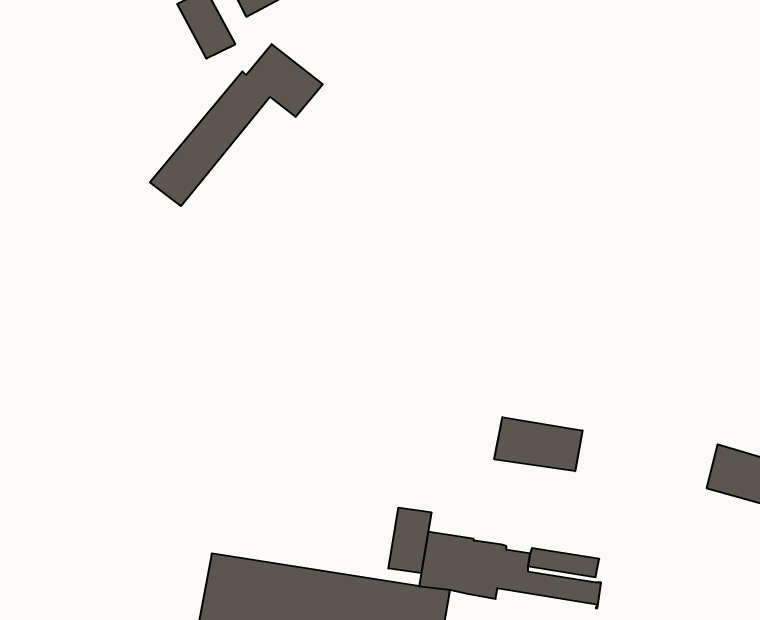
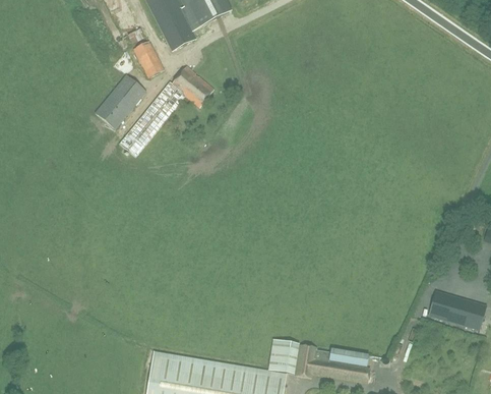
building: none -> [95,74,145,128]
building: [494,417,583,471] -> none
building: [388,508,431,573] -> none

